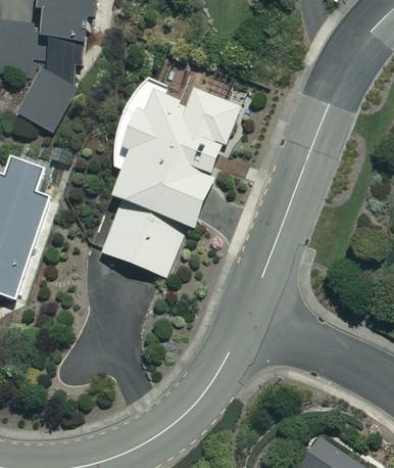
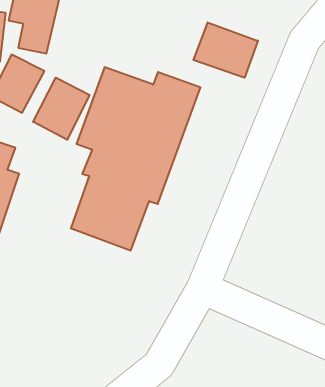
building: none -> [193,22,258,78]
building: none -> [33,78,89,140]

